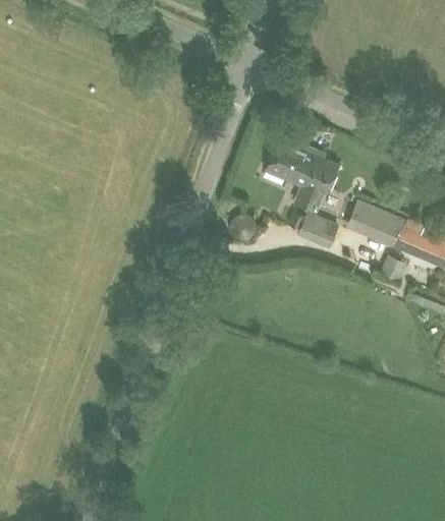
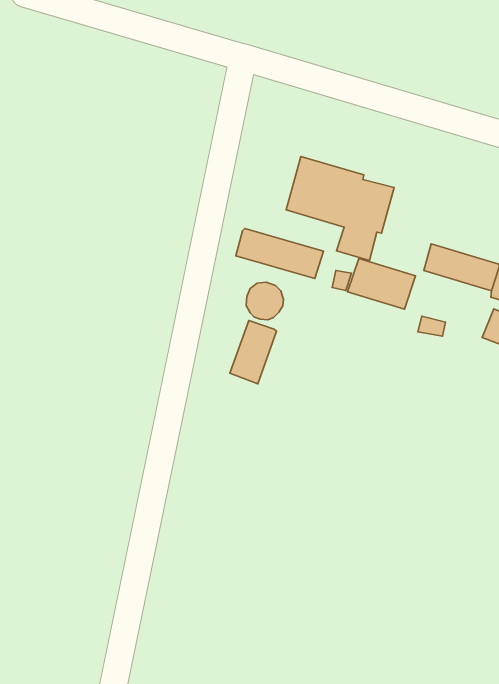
building: none -> [236,229,324,279]
building: none -> [230,321,277,384]

